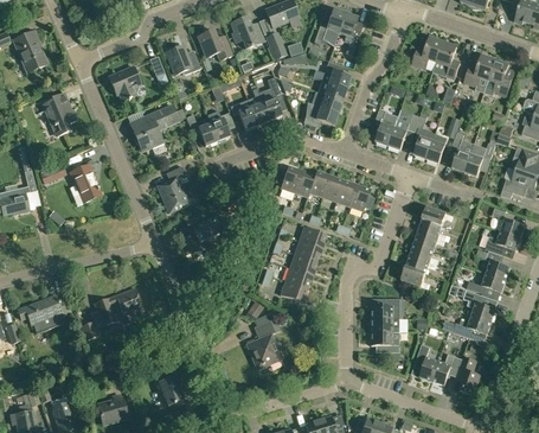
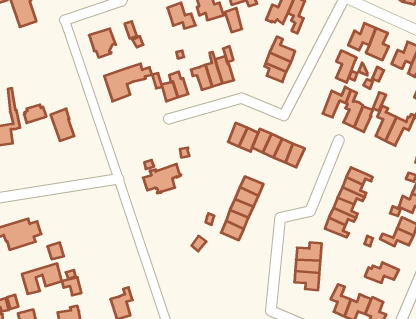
building: [166,45,201,75] -> none
building: [41,94,77,136] -> none
building: [303,102,339,127] -> none
building: [374,109,398,146] -> [336,51,357,83]
building: [156,165,187,212] -> none
building: [95,287,142,325] -> [22,264,62,294]
building: [463,289,495,321] -> none
building: [246,317,282,367] -> none

